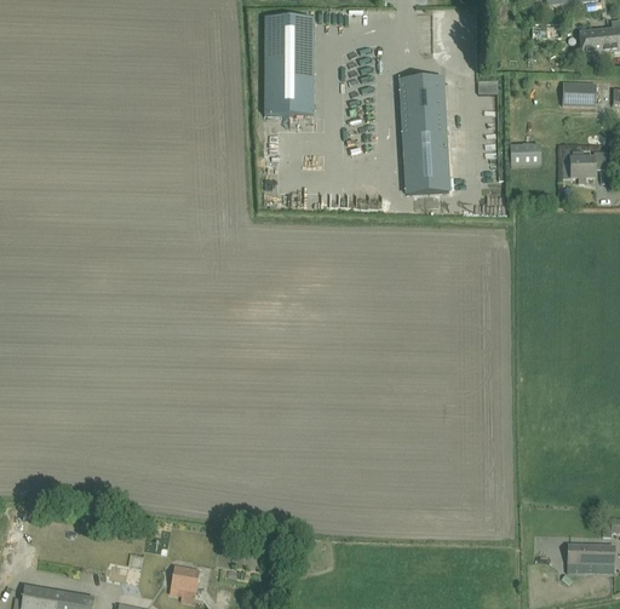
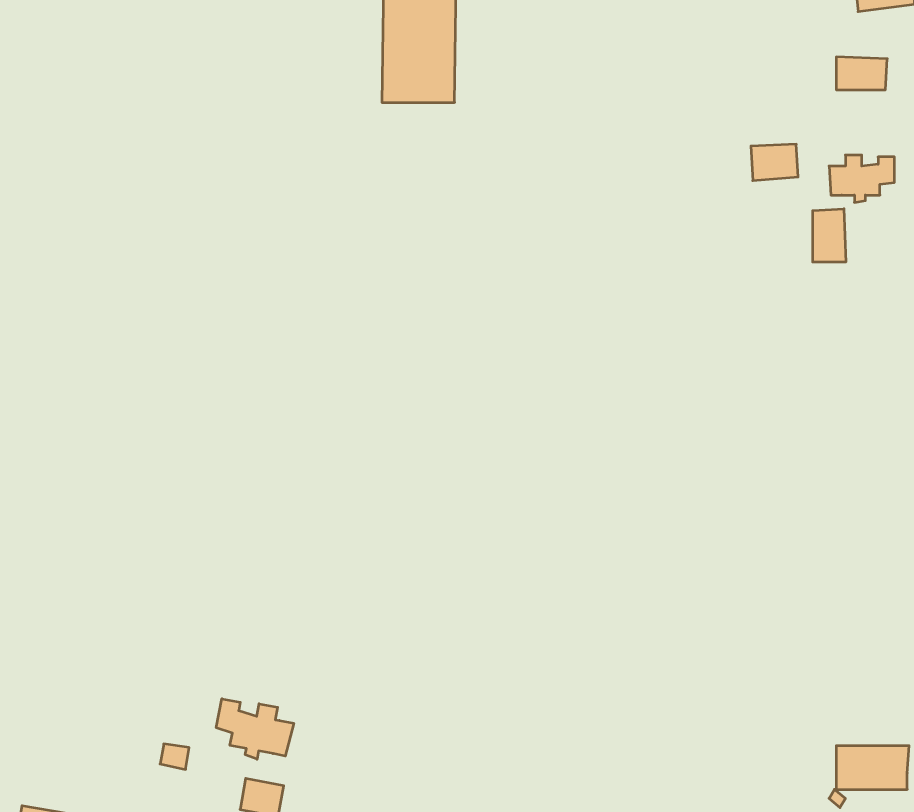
building: [400,75,449,191] -> none
building: none -> [813,209,846,262]
building: none -> [216,699,294,759]

